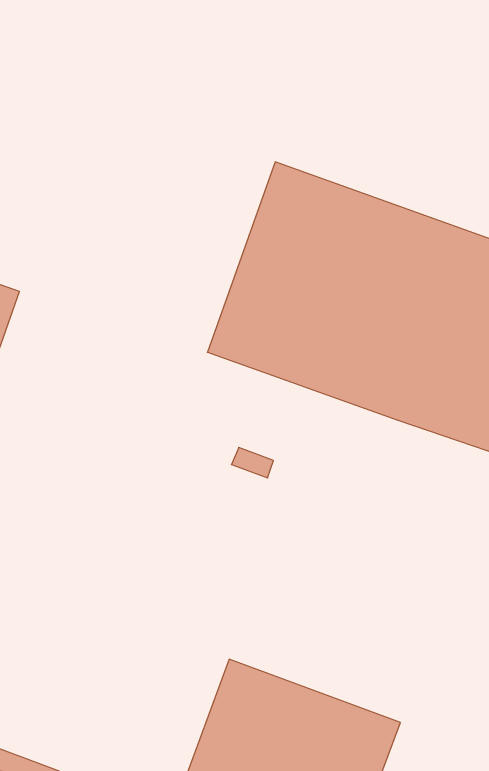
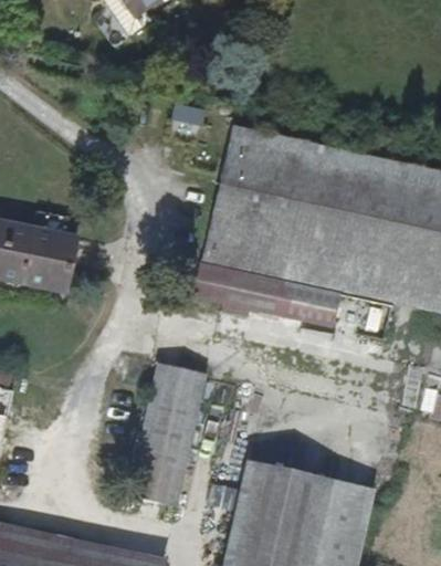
building: none -> [197,262,338,325]
building: none -> [127,368,204,506]

